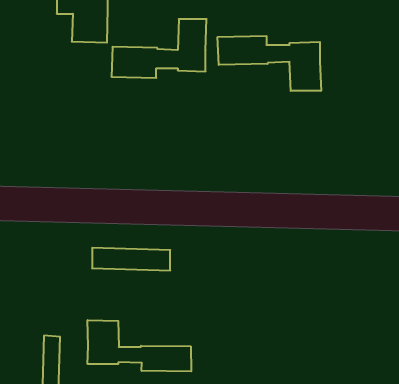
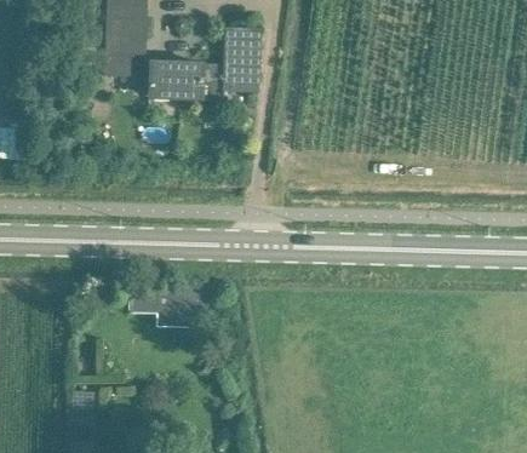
building: [218,36,321,91] -> none
building: [88,320,191,371] -> none

